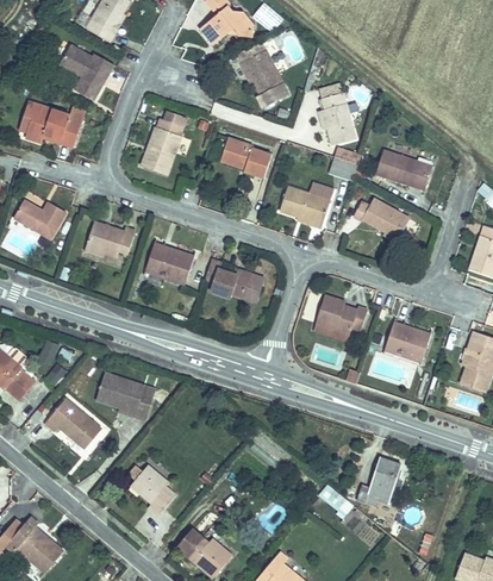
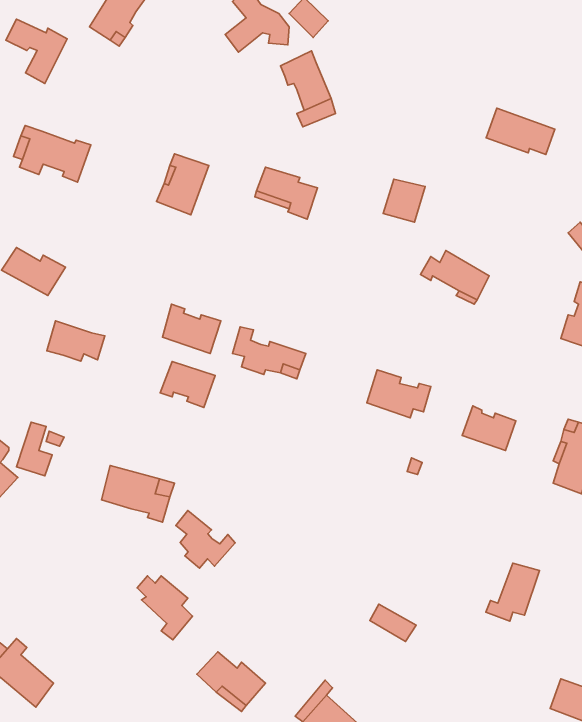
building: [64,48,113,99] -> [6,19,67,83]
building: [318,90,356,143] -> none
building: [374,155,429,192] -> [486,108,555,154]
building: [281,190,330,231] -> none
building: [91,223,137,255] -> [47,321,105,361]
building: none -> [160,362,215,407]
building: [44,401,99,450] -> none
building: none -> [176,510,235,568]
building: [358,456,401,502] -> [486,563,540,621]

